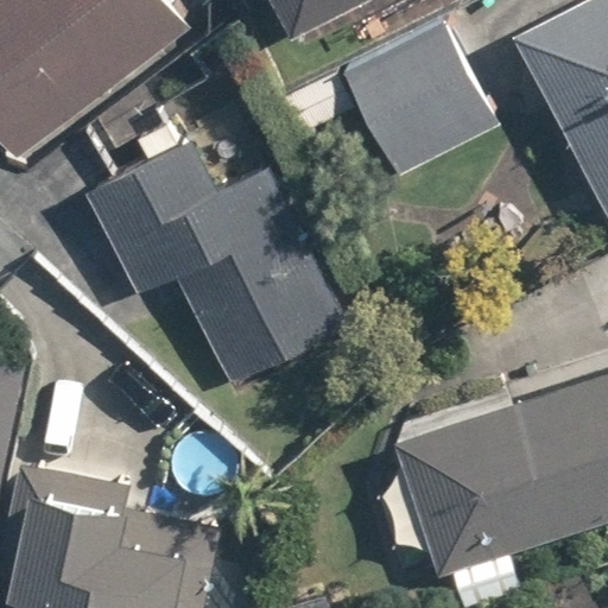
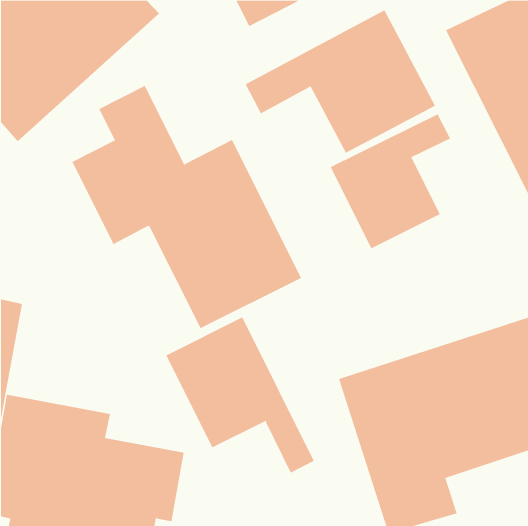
building: none -> [330,113,451,249]
building: none -> [166,316,314,474]

